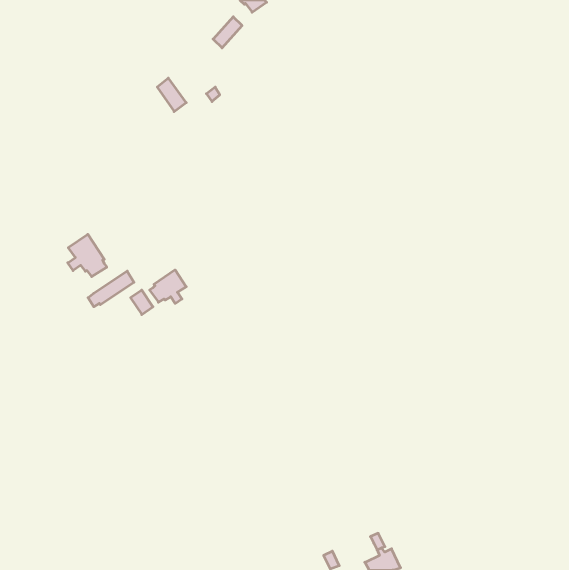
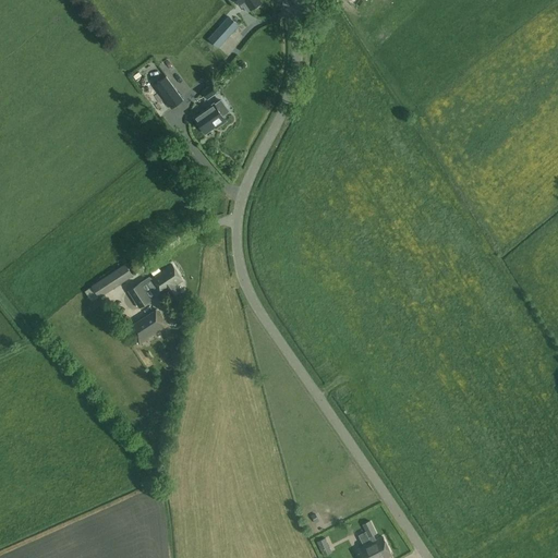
building: none -> [193,100,228,134]
building: [68,234,107,277] -> none
building: none -> [129,310,167,344]

